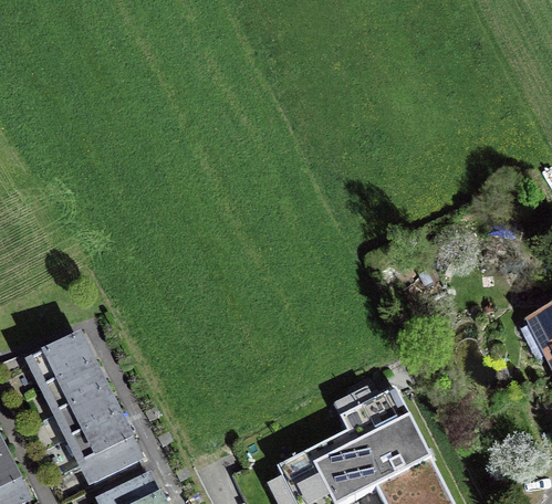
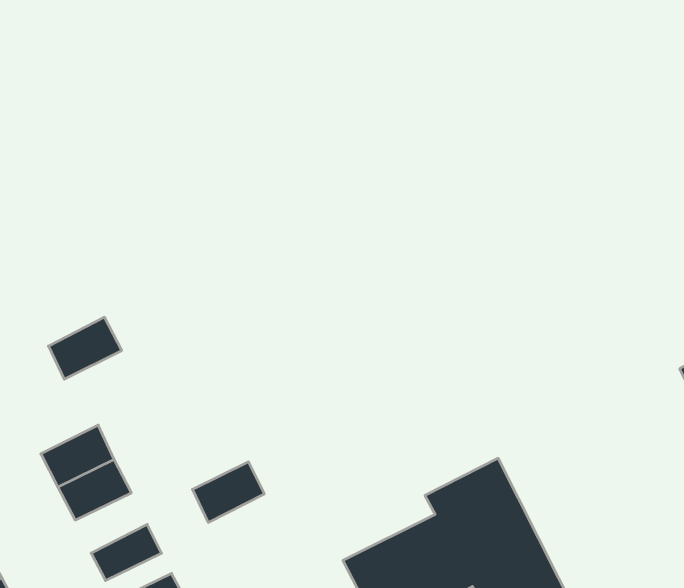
building: [32,337,88,385] -> [48,317,122,379]
building: [71,414,126,461] -> [192,462,264,522]

